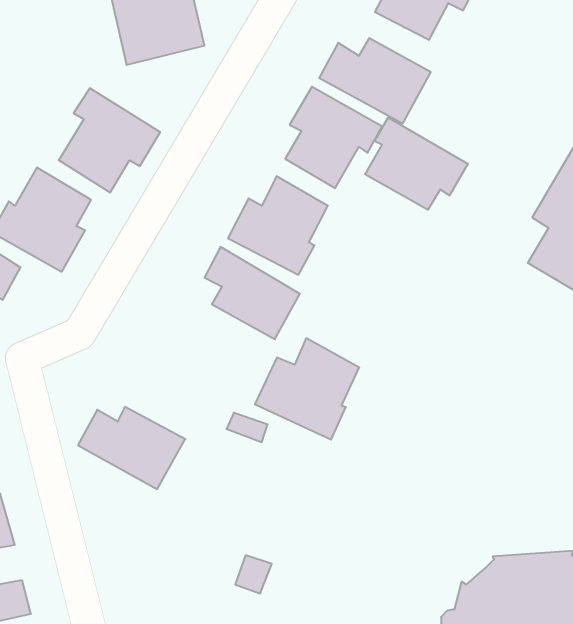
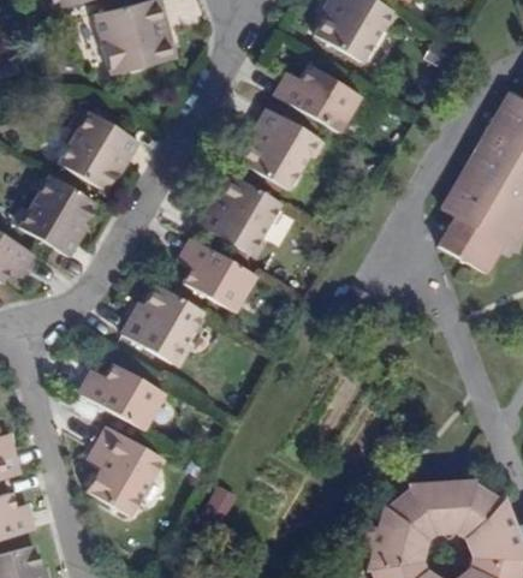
building: [365,117,468,210] -> none
building: [255,338,359,440] -> [115,285,201,368]
building: none -> [84,428,160,514]

